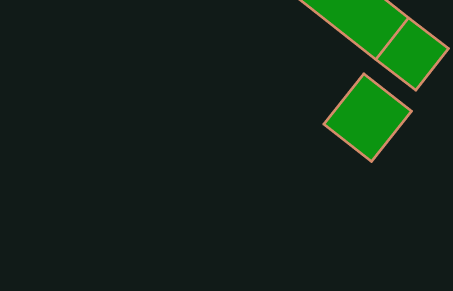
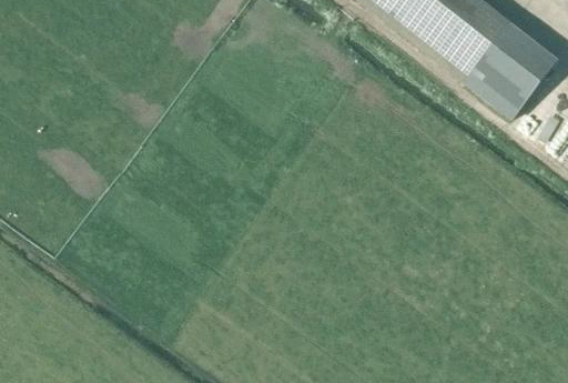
building: [324,74,412,162] -> none

